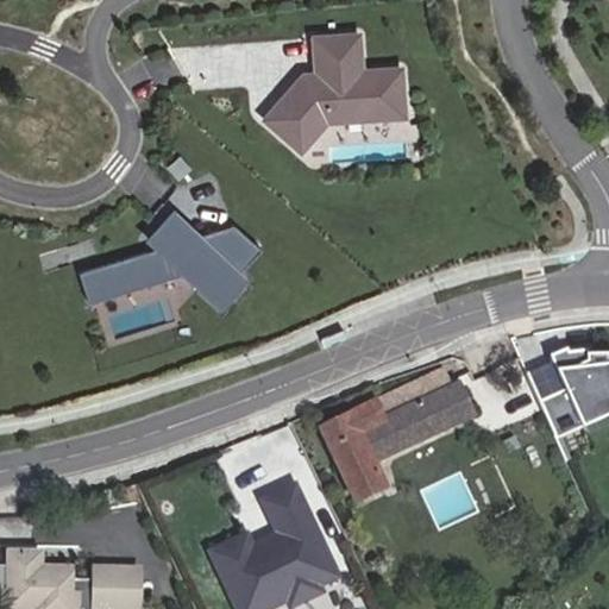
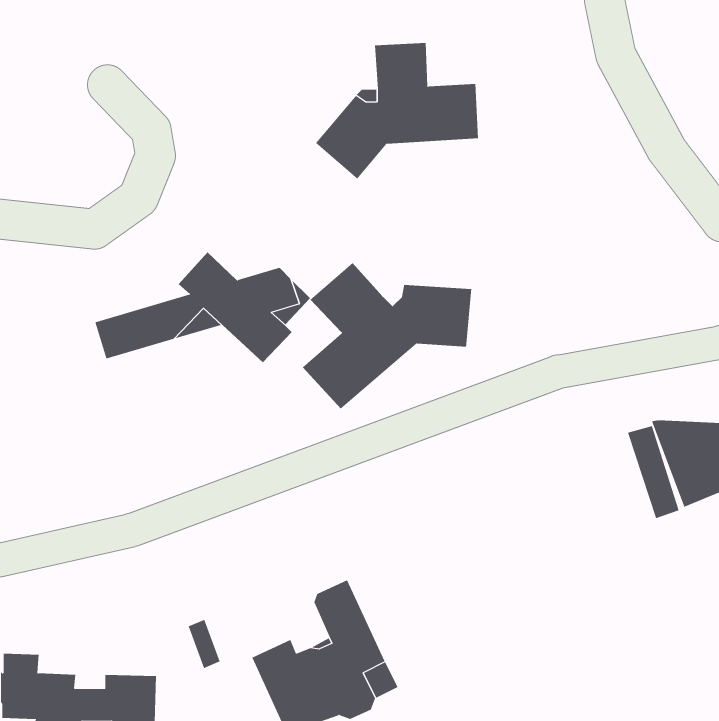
building: none -> [302,262,472,410]
building: [322,371,471,504] -> none

